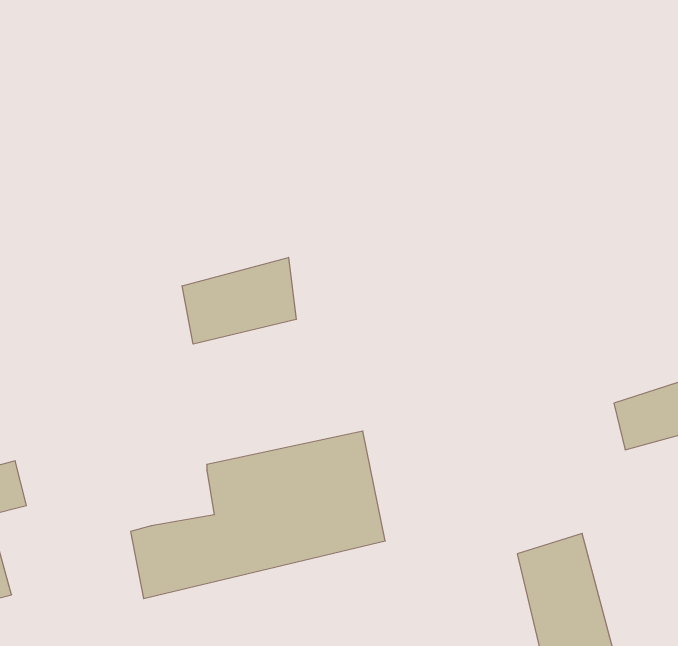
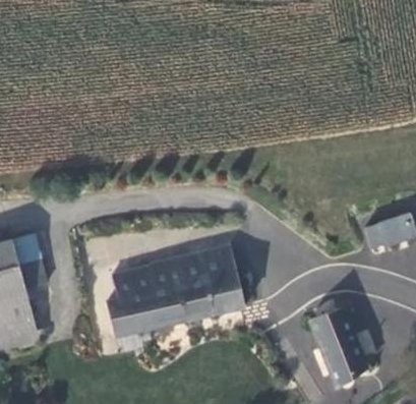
building: [182,257,296,344] -> none
building: none -> [109,268,148,298]

